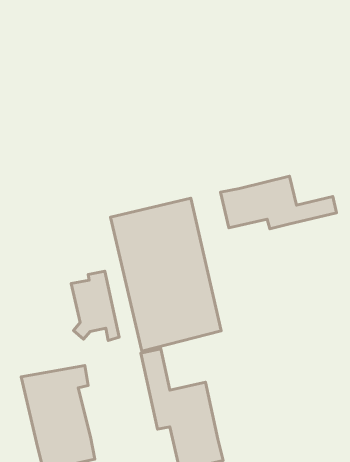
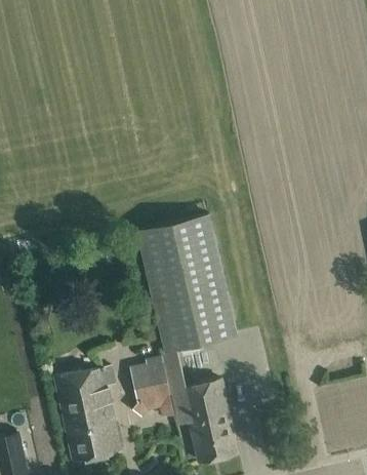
building: [220,176,337,229] -> none
building: [71,271,119,340] -> [128,356,172,420]

